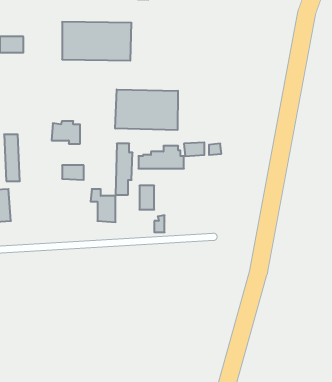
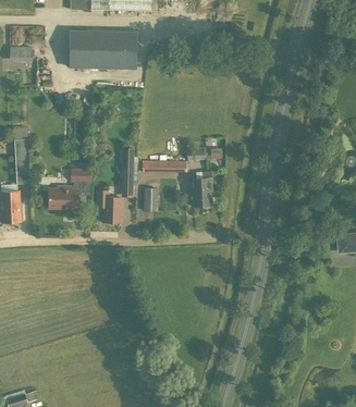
building: [115,89,178,130] -> none
building: [52,121,80,144] -> [49,188,76,210]
building: none -> [189,171,212,207]

